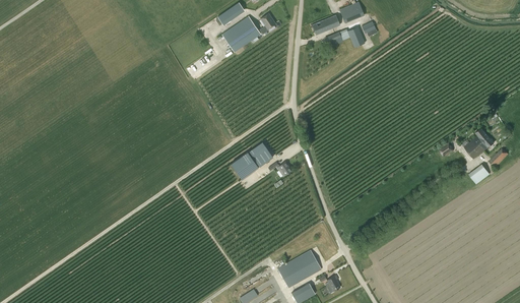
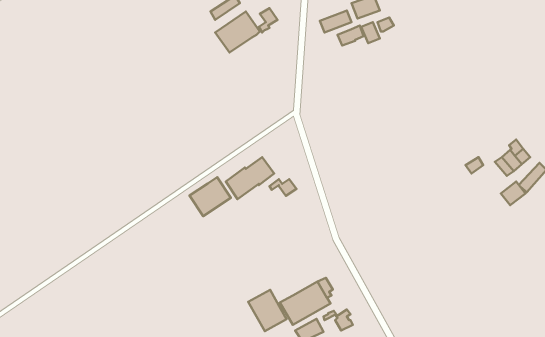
building: none -> [190,177,231,216]
building: none -> [248,290,287,331]

